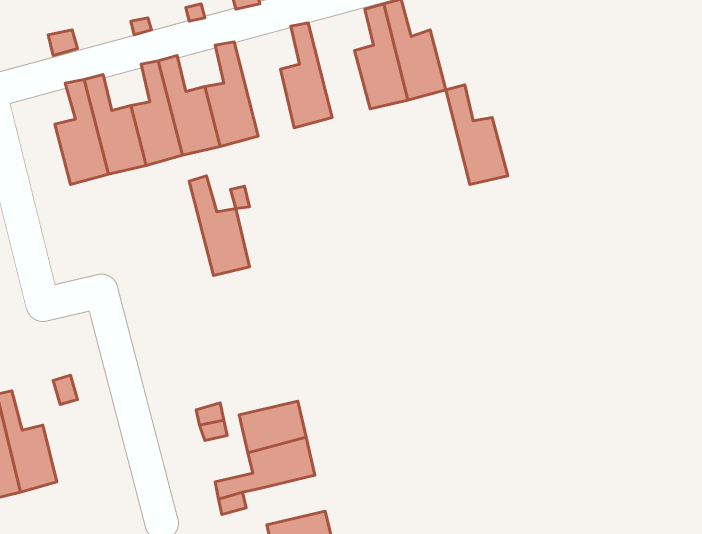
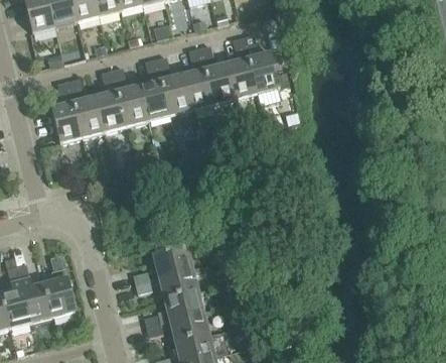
building: [446,85,508,184] -> [199,44,236,103]
building: [189,176,250,276] -> [156,55,191,114]
building: none -> [154,247,193,277]
building: none -> [44,277,75,317]
building: none -> [170,313,209,342]

